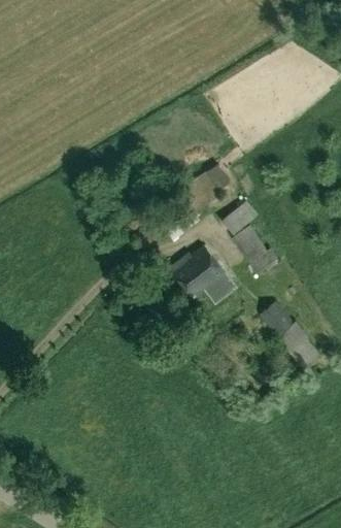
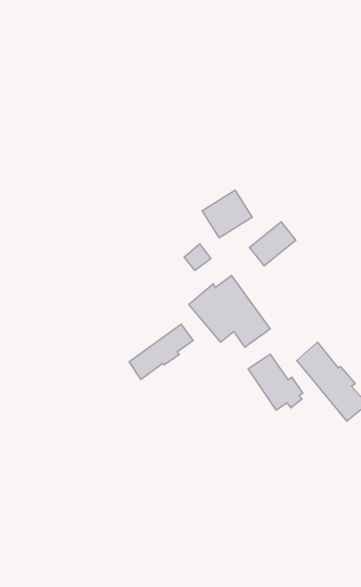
building: [233,226,279,273] -> [248,354,303,410]
building: none -> [129,324,193,379]

